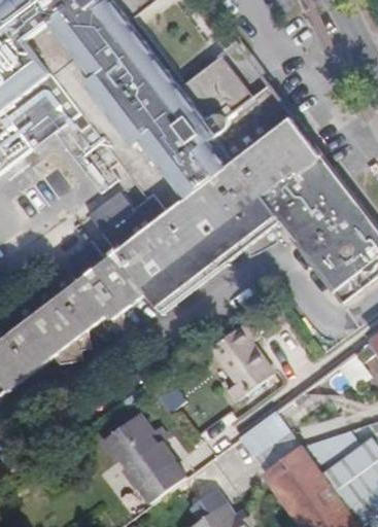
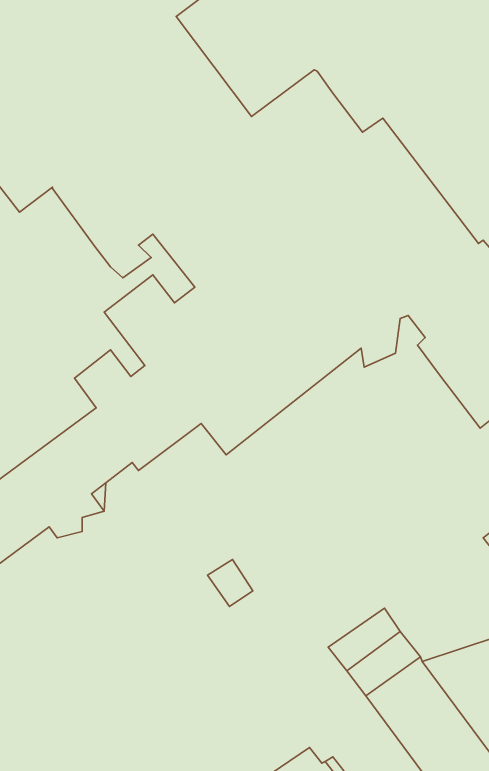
building: [211,318,275,398] -> none
building: [103,414,183,502] -> none

